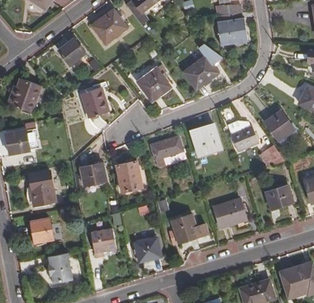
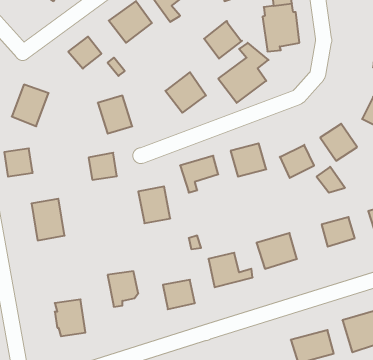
building: none -> [204,21,242,59]
building: [79,165,102,187] -> [89,153,117,180]
building: [29,217,51,242] -> none

